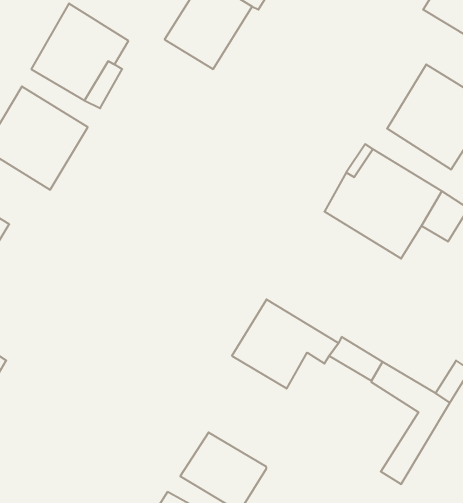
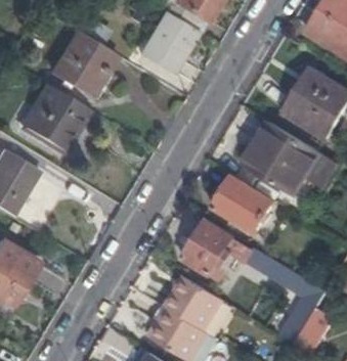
building: none -> [214,174,283,234]
building: none -> [167,276,225,331]

